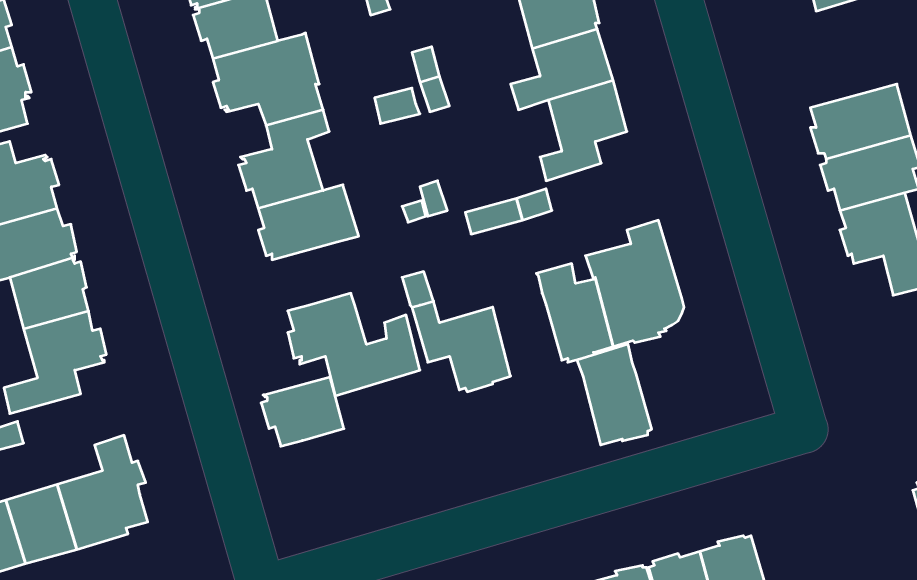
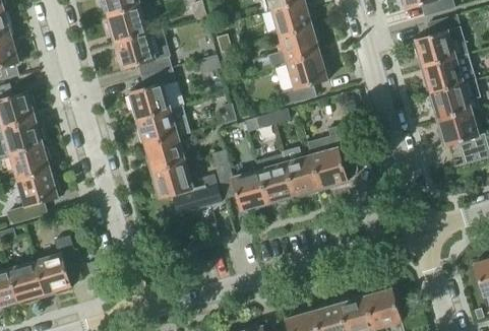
building: none -> [412,16,468,67]
building: [577,344,652,445] -> [255,153,294,205]
building: [261,377,344,446] -> [142,136,185,172]

